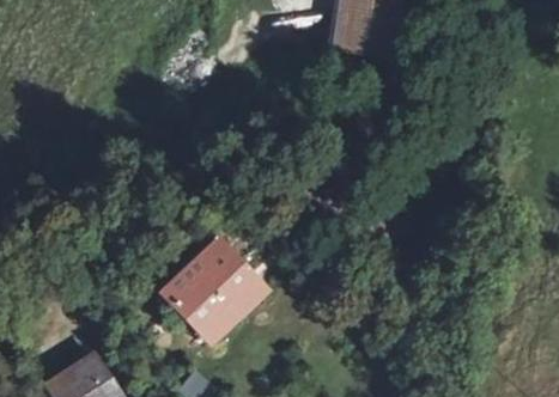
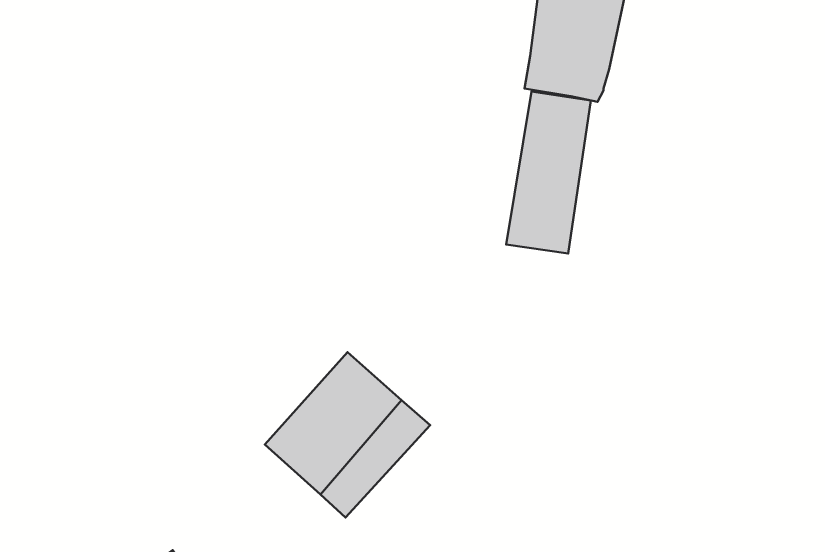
building: none -> [506,92,591,254]

